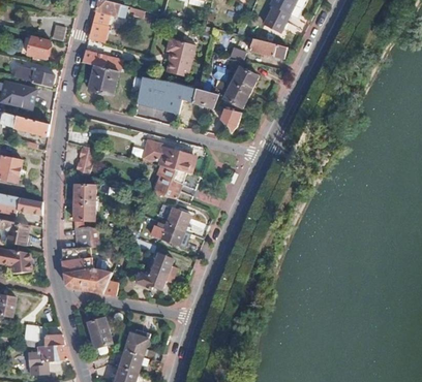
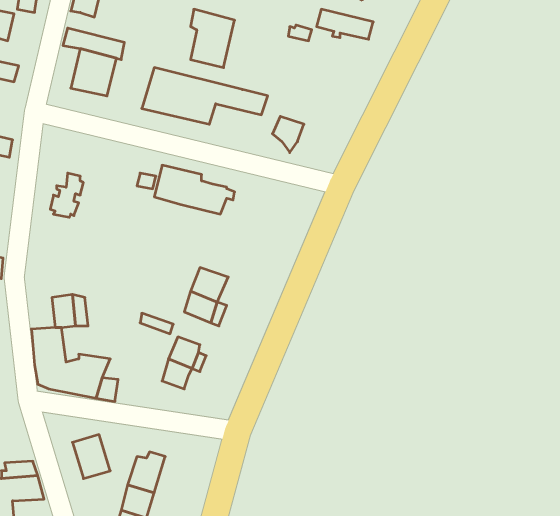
building: [223,67,257,107] -> none
building: [153,166,185,198] -> none
building: [73,184,94,219] -> none

